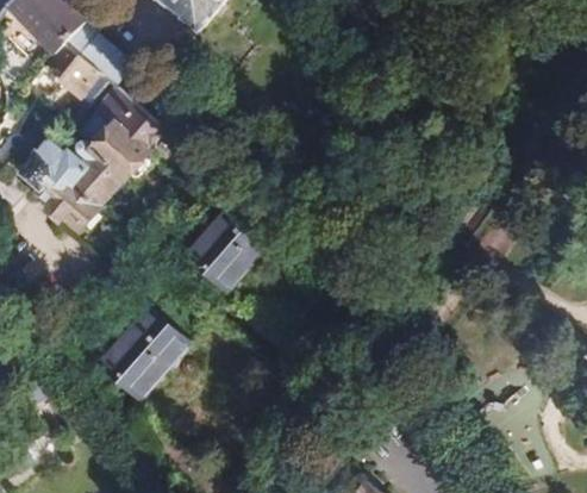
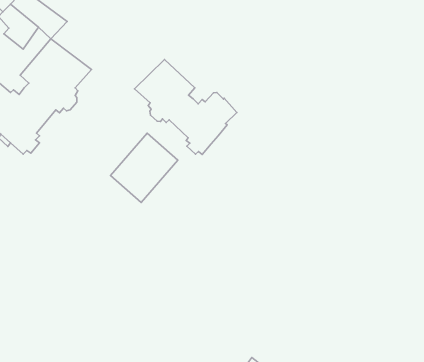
building: none -> [134,60,237,154]
building: [96,308,185,398] -> none

